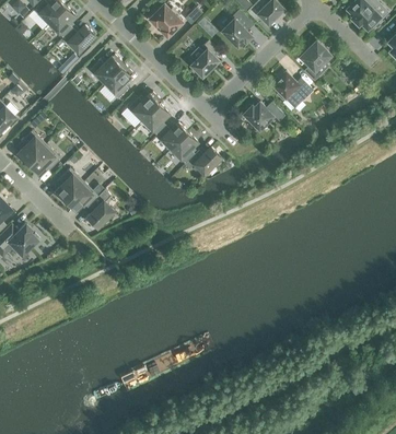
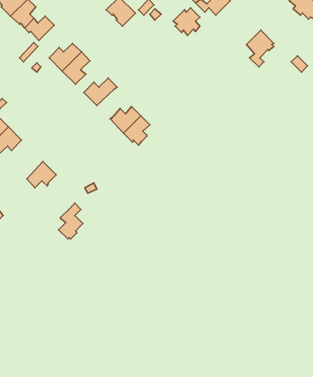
building: [193,40,219,75] -> none
building: [271,72,314,102] -> none
building: [244,102,284,129] -> none
building: [141,104,170,136] -> none
building: [189,148,222,173] -> none
building: [54,167,83,203] -> none
building: [86,189,113,227] -> [59,203,83,239]

